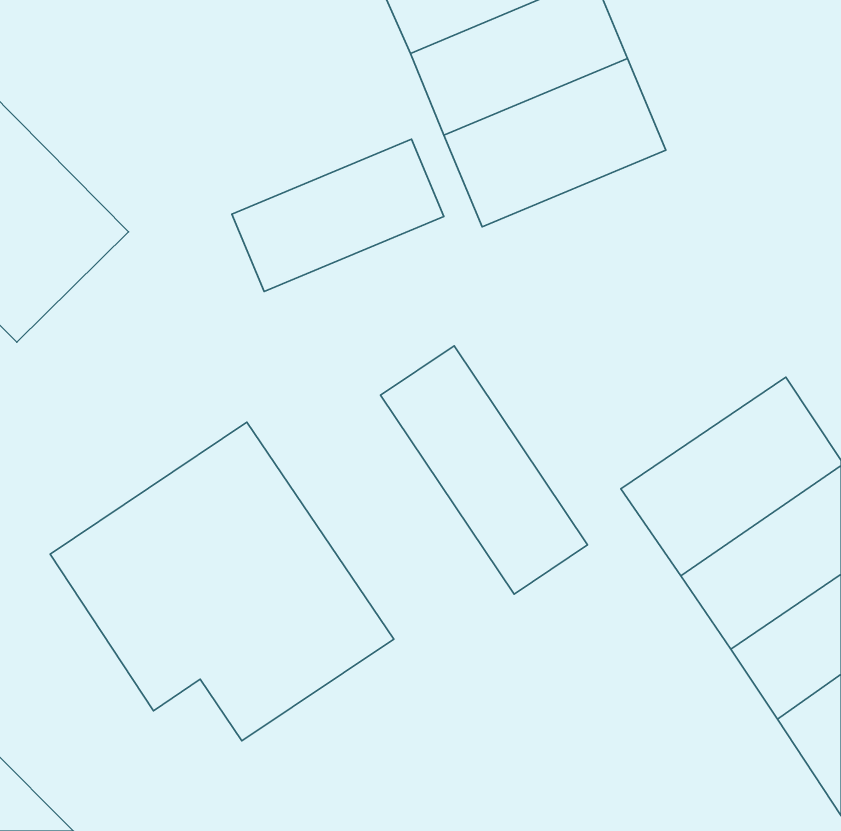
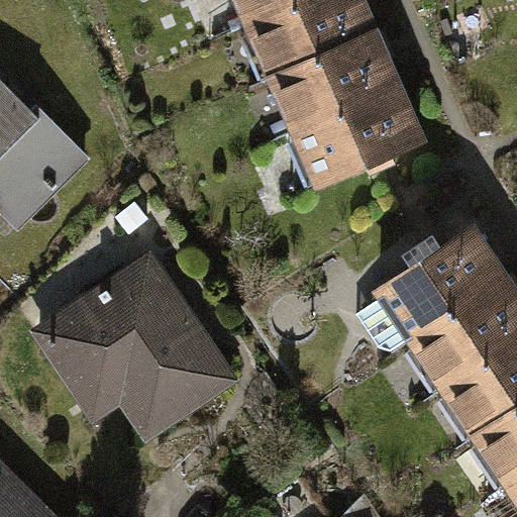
building: [232,139,444,292] -> none
building: none -> [292,91,425,190]
building: [381,346,588,594] -> none

